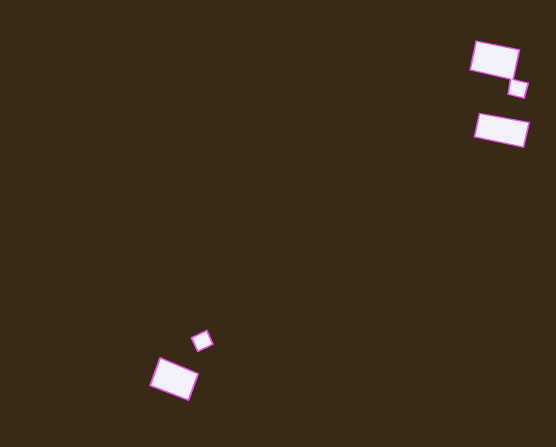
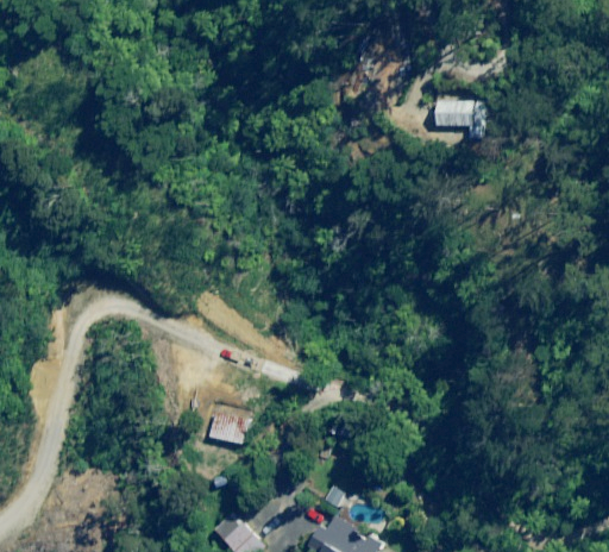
building: [474,113,529,147] -> none

